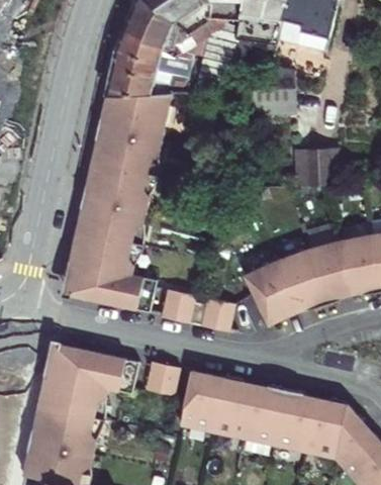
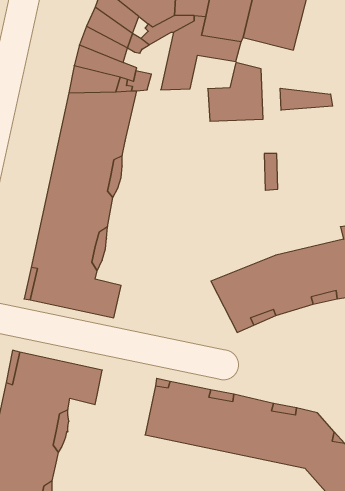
building: none -> [280,88,333,110]
building: [306,151,338,186] -> none
building: [161,289,233,330] -> none
building: [145,360,179,394] -> none

